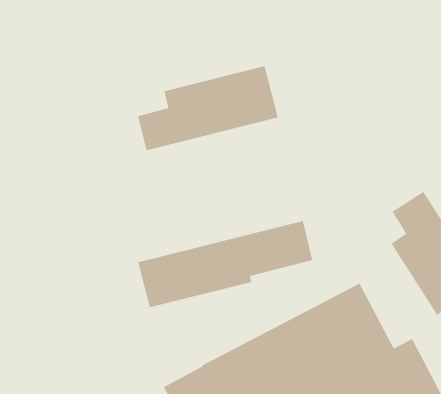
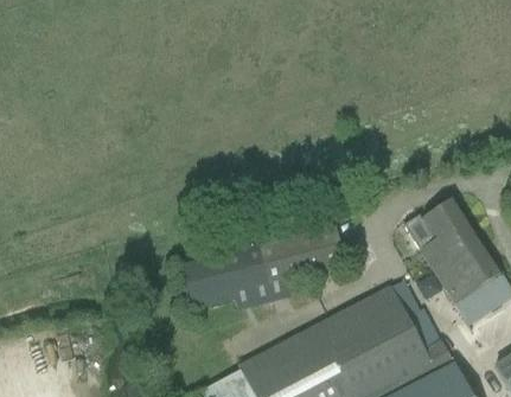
building: [137,65,279,151] -> none

